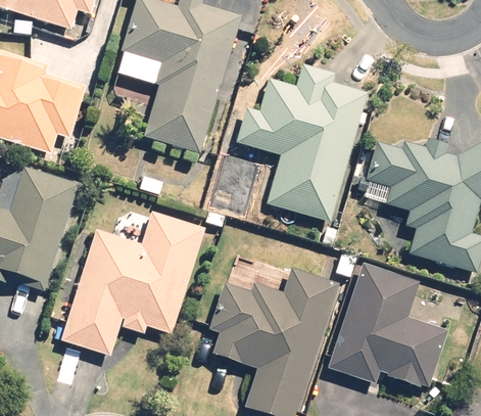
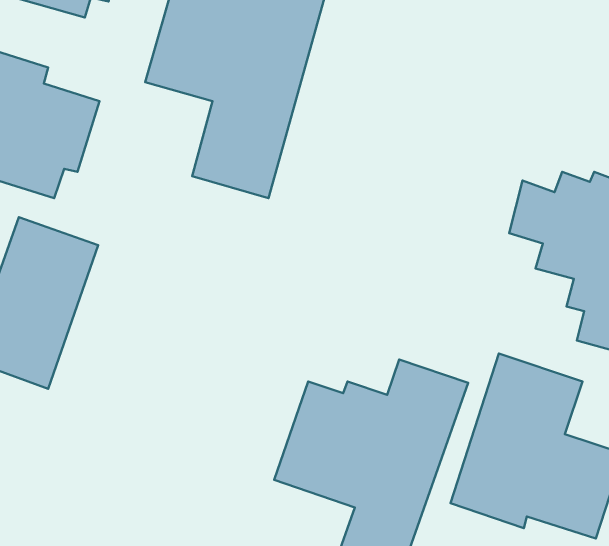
building: [234,64,366,218] -> none
building: [59,212,205,356] -> none

